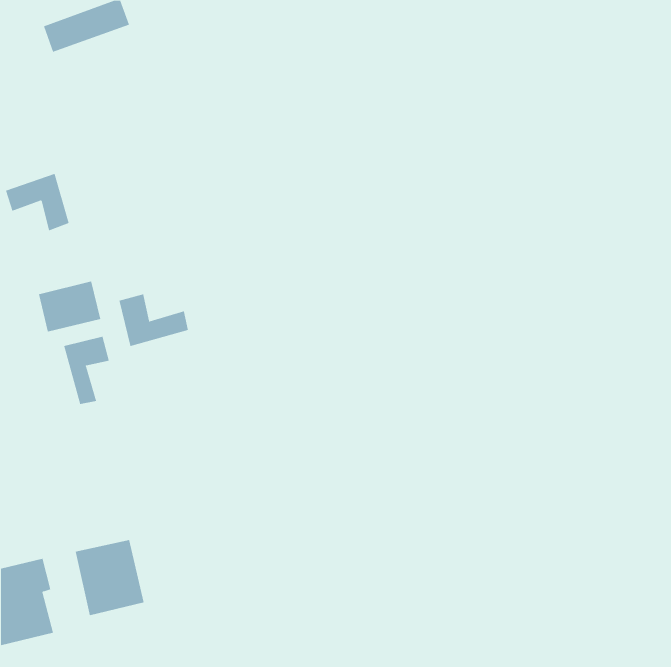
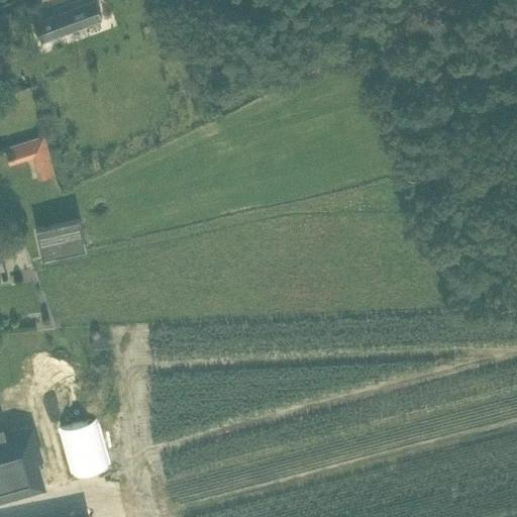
building: [119,294,188,347] -> none
building: [64,336,110,405] -> none

